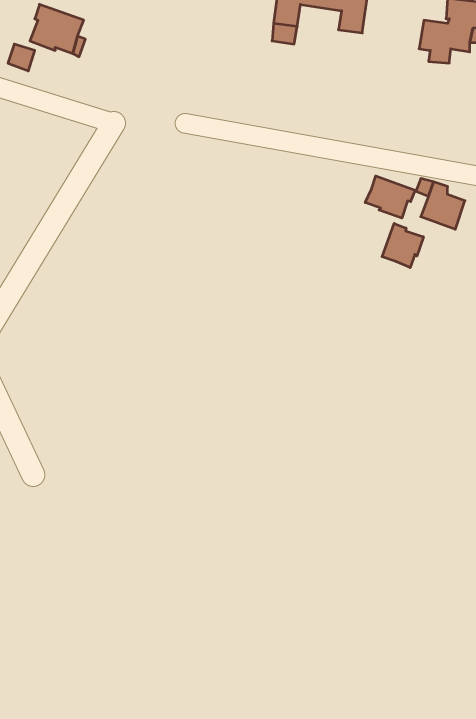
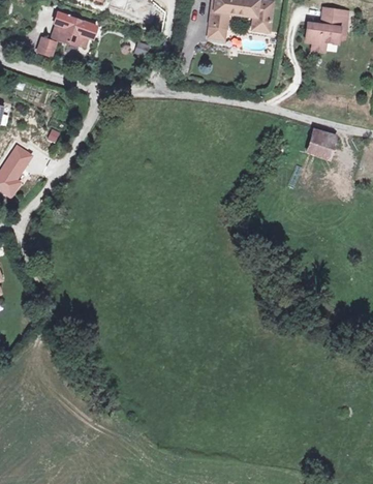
building: [365,176,415,218] -> none
building: [382,223,423,268] -> none

